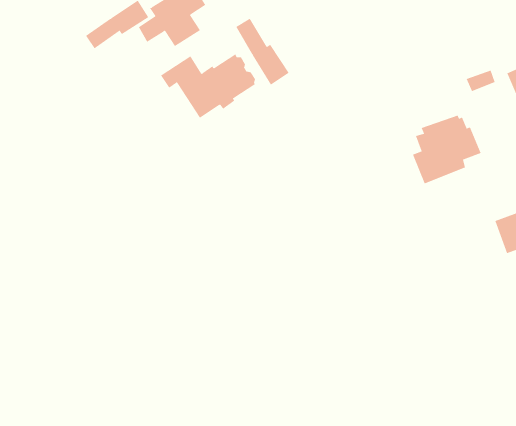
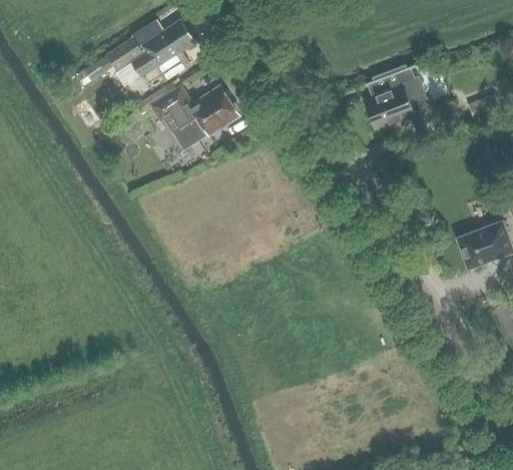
building: [235,18,289,85] -> none
building: [412,115,481,184] -> [364,64,427,127]

